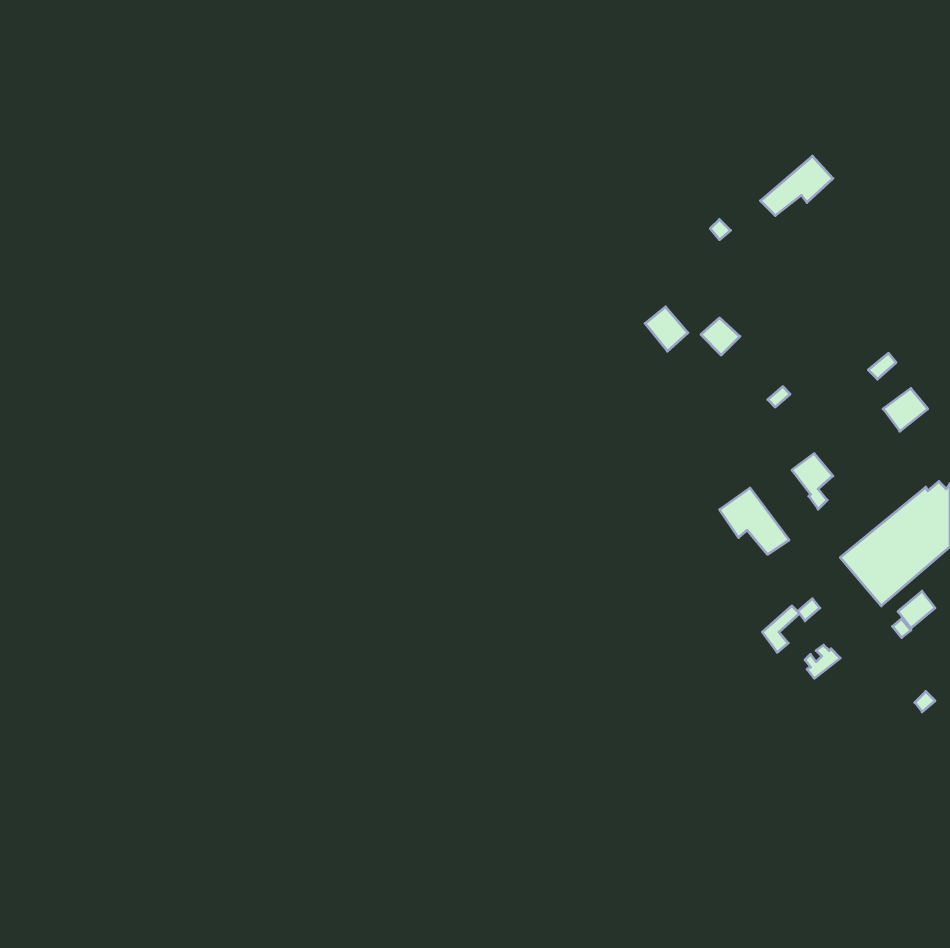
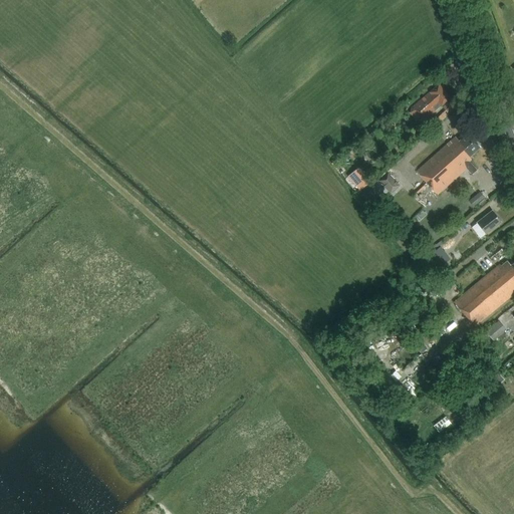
building: none -> [417,132,481,193]
building: [720,488,789,554] -> none

